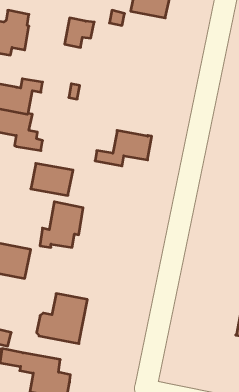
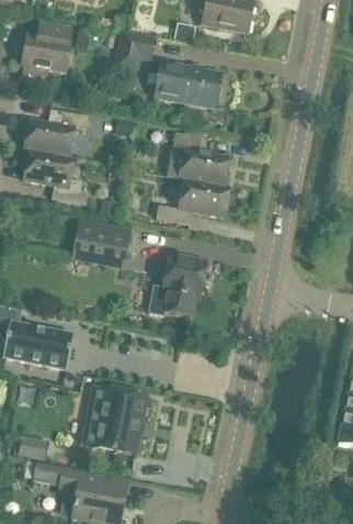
building: none -> [156,62,223,110]
building: none -> [168,132,229,186]
building: [40,202,83,247] -> [149,256,205,315]

